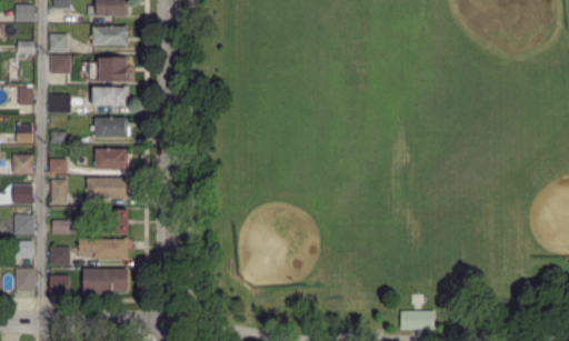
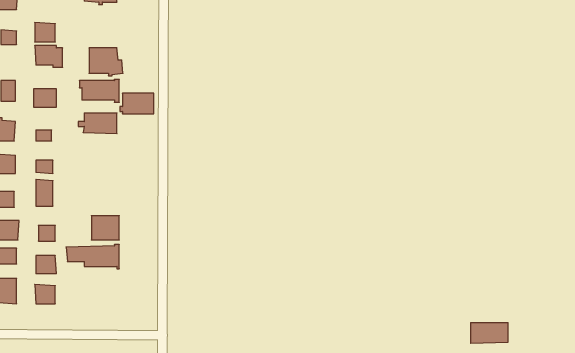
building: [89,24,128,46] -> none
building: [93,148,124,167] -> [120,93,154,114]
building: [84,177,127,197] -> none
building: [86,269,128,293] -> none
building: [401,310,436,329] -> [471,323,508,343]

